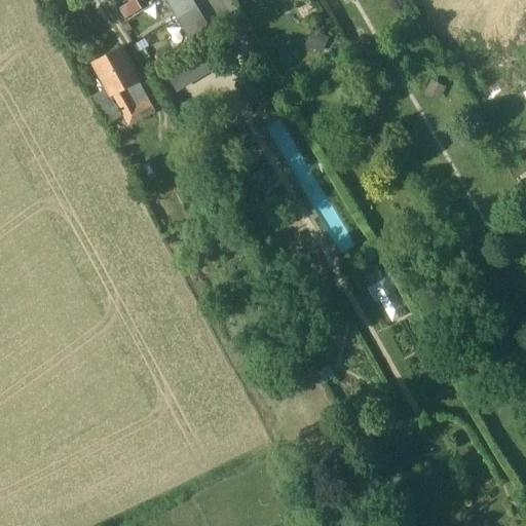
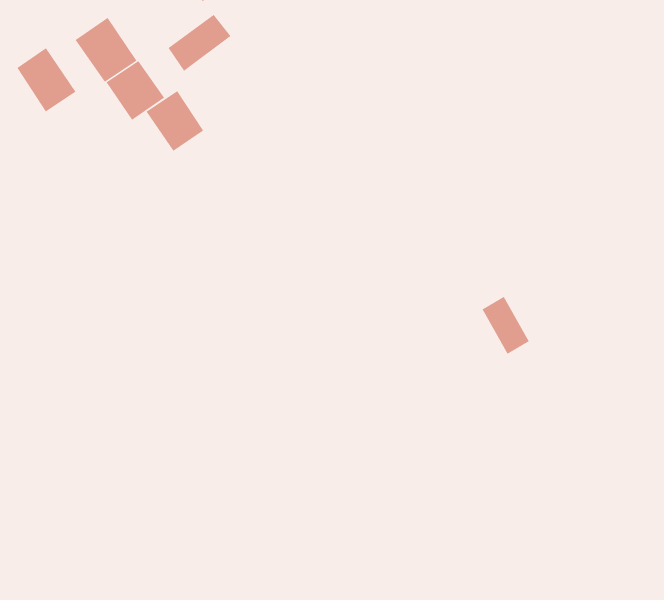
building: none -> [17,47,76,112]
building: none -> [145,90,204,152]

